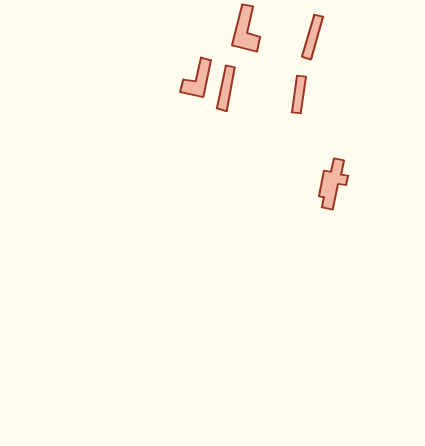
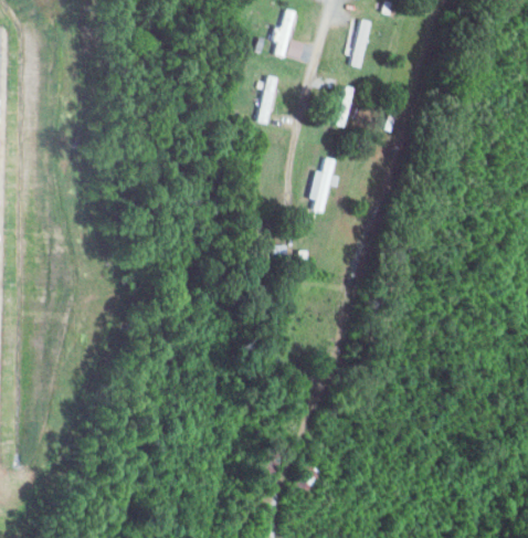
building: [180,57,211,97] -> none
building: [319,159,348,209] -> [308,158,340,213]

